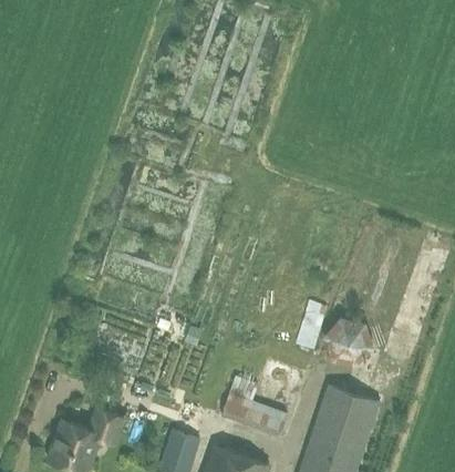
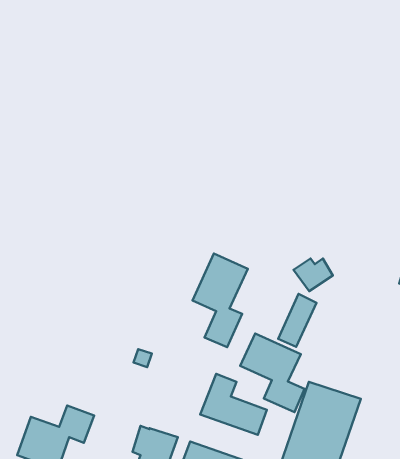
building: none -> [192,254,248,347]
building: [337,326,375,358] -> [293,258,333,291]
building: none -> [240,334,305,412]

